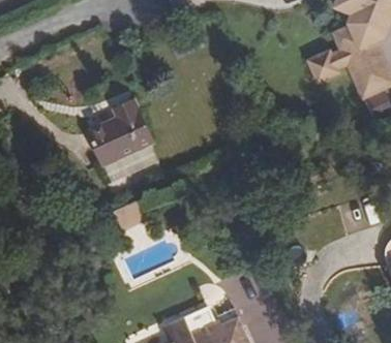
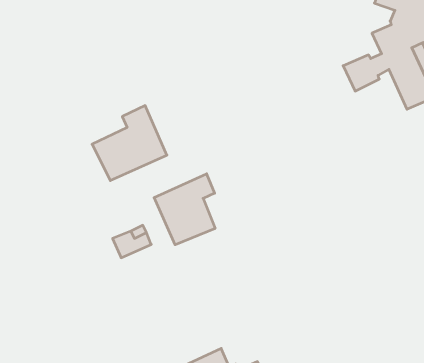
building: none -> [154,174,215,245]

